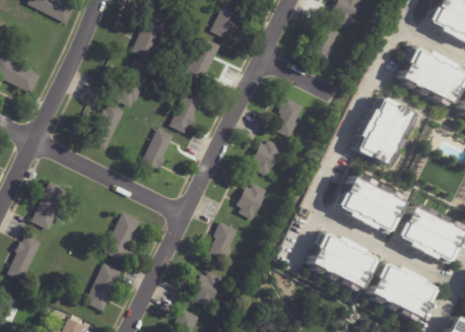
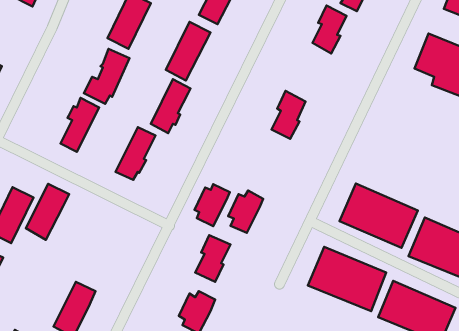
building: [352,96,413,164] -> none
building: [252,139,282,176] -> [195,184,230,226]
building: [104,210,141,259] -> [26,184,69,240]

